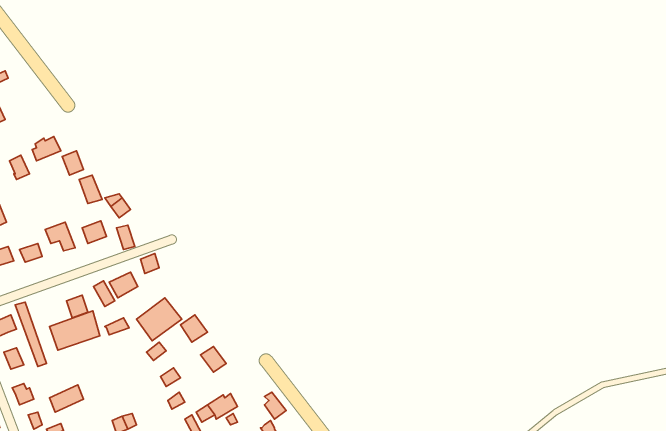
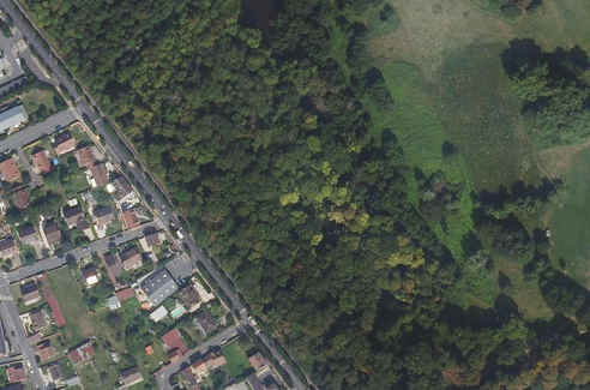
building: [50,311,100,350] -> none

